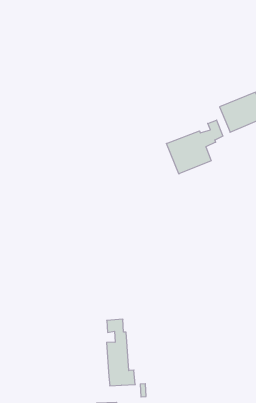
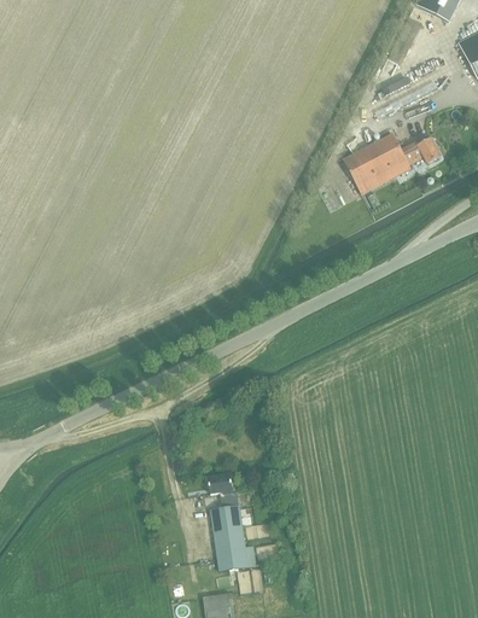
building: [166,120,223,174] -> none

